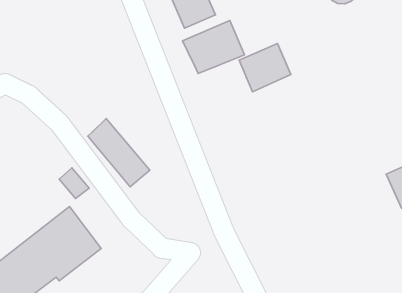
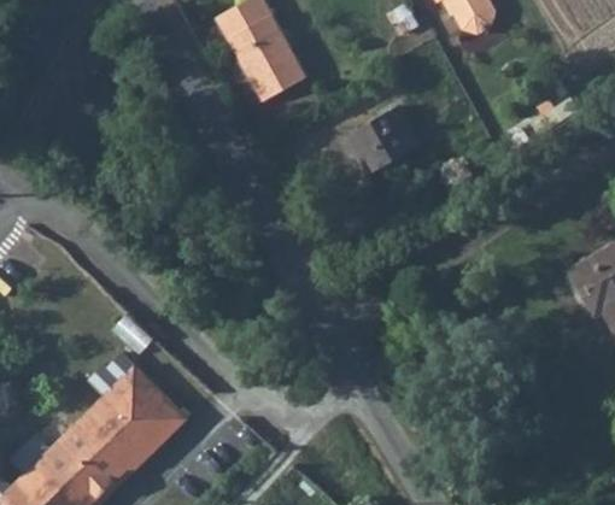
building: [183,21,245,74] -> none
building: [88,119,150,187] -> none

